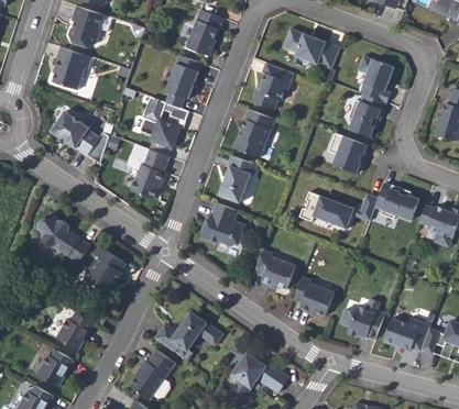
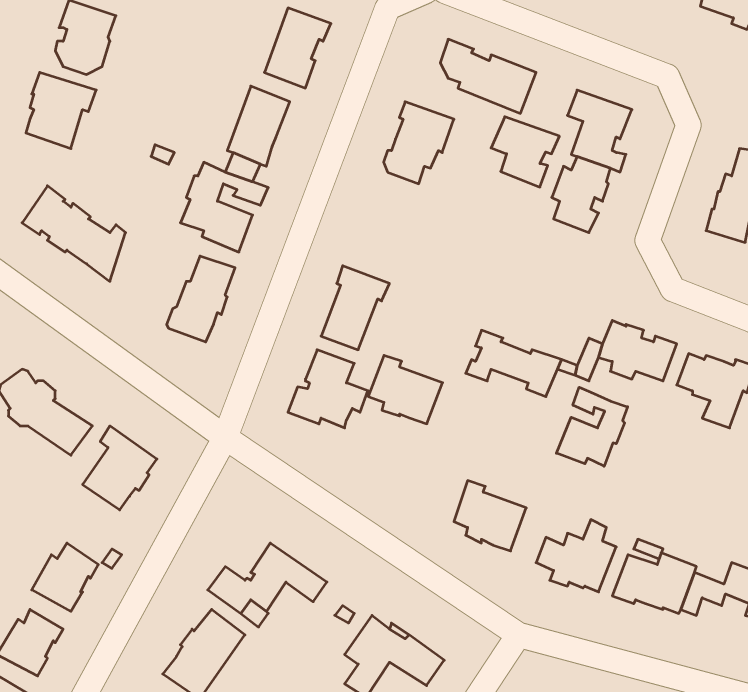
building: [233,109,274,157] -> none
building: [328,133,367,173] -> [491,117,559,187]
building: none -> [556,387,628,466]
building: [253,250,295,288] -> [368,355,443,424]

